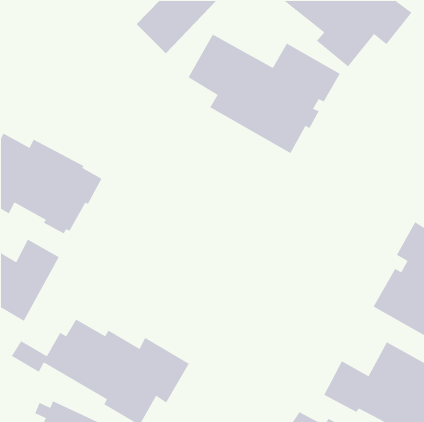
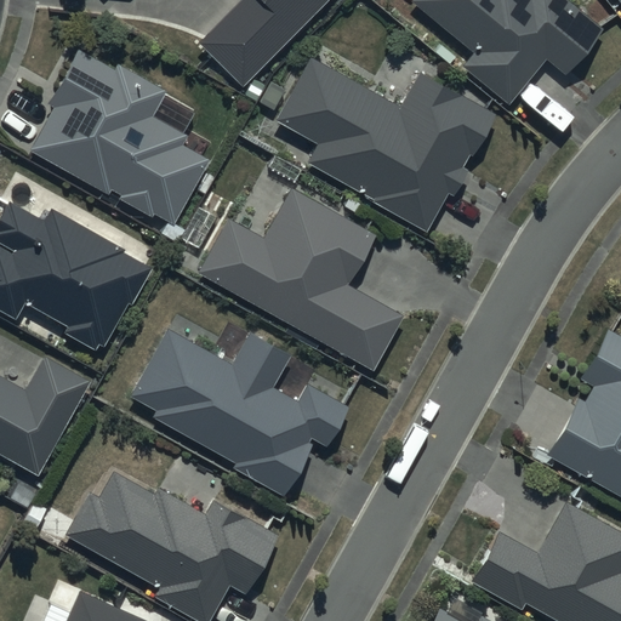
building: none -> [29,49,210,245]
building: none -> [199,186,404,370]
building: none -> [132,335,352,501]

